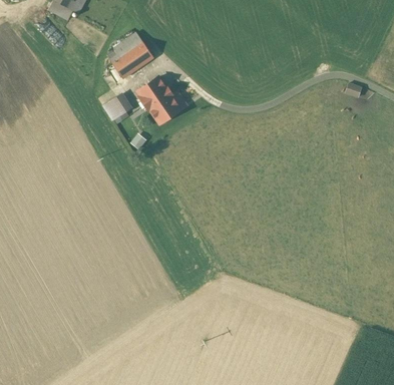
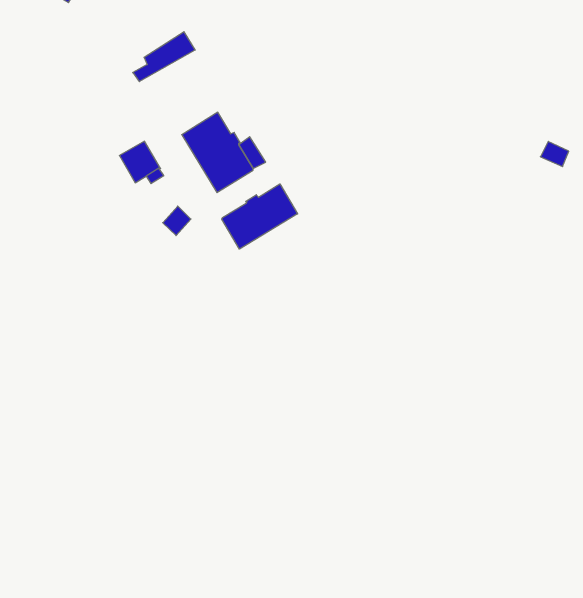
building: [111,42,152,78] -> none
building: none -> [222,184,298,249]

